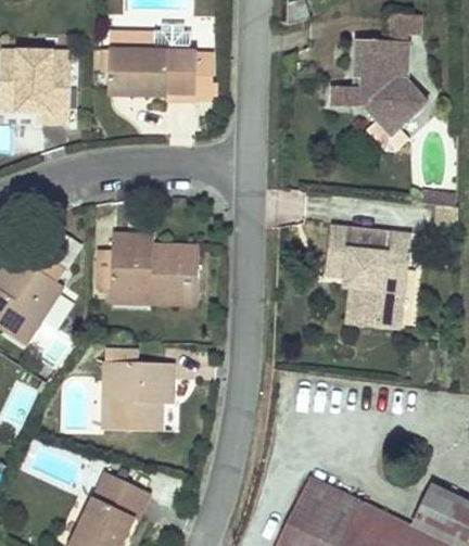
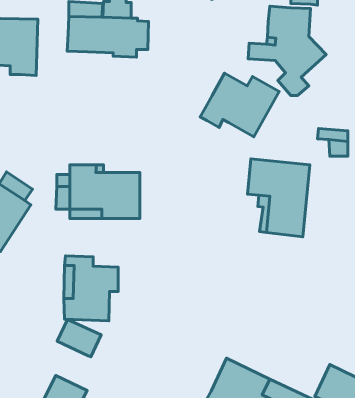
building: none -> [200,73,279,137]
building: [93,473,149,520] -> [57,319,101,357]

